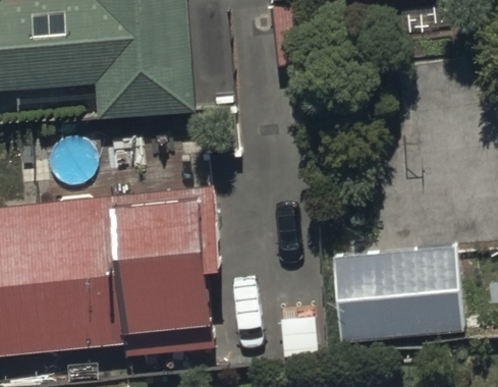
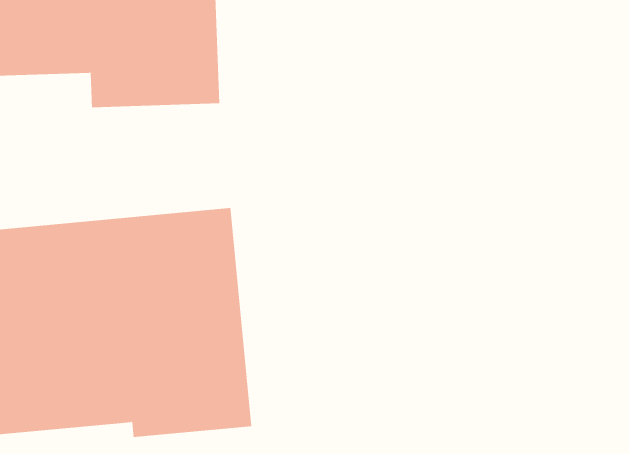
building: [332,245,463,344] -> none

